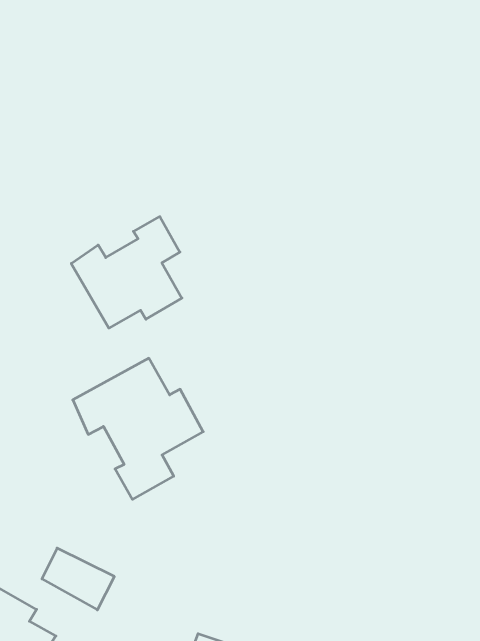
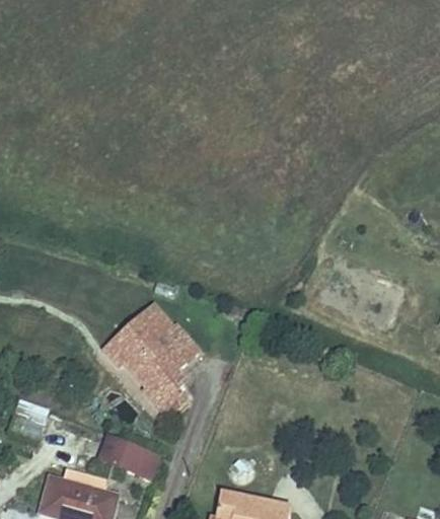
building: [71,217,182,328] -> none

